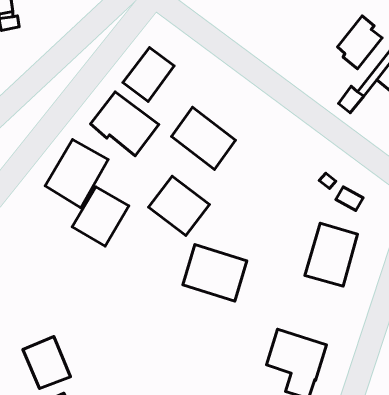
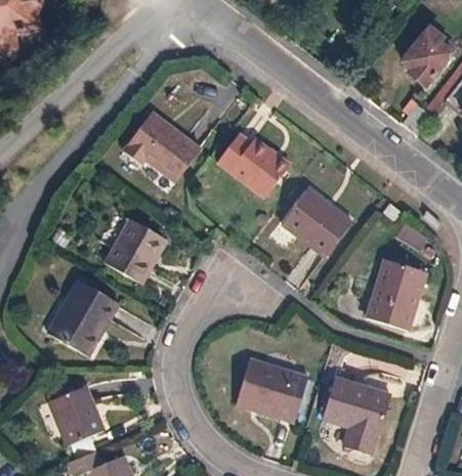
building: [123,48,174,102] -> none
building: [45,139,108,208] -> [48,280,119,357]
building: [148,176,210,236] -> [283,189,351,256]
building: [183,245,247,301] -> [236,359,307,423]

